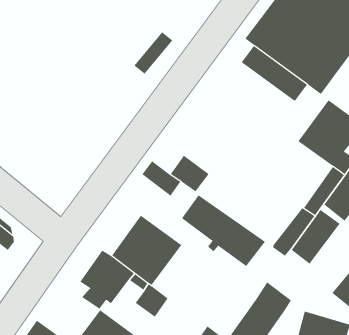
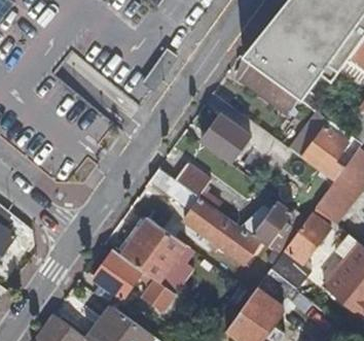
building: none -> [203,104,250,162]
building: none -> [244,201,293,245]
building: none -> [270,249,313,291]

